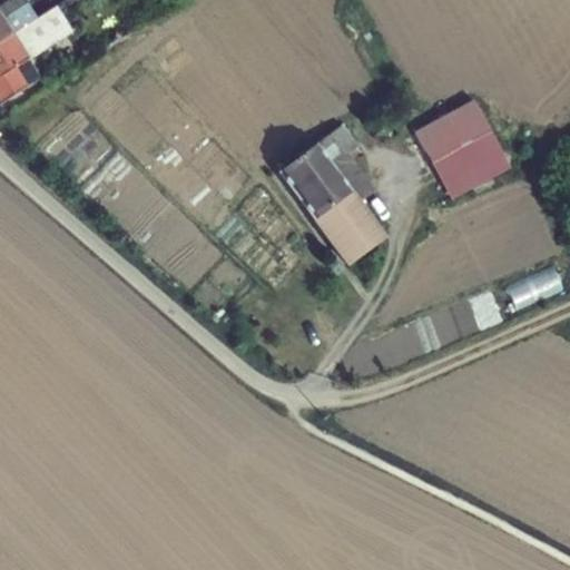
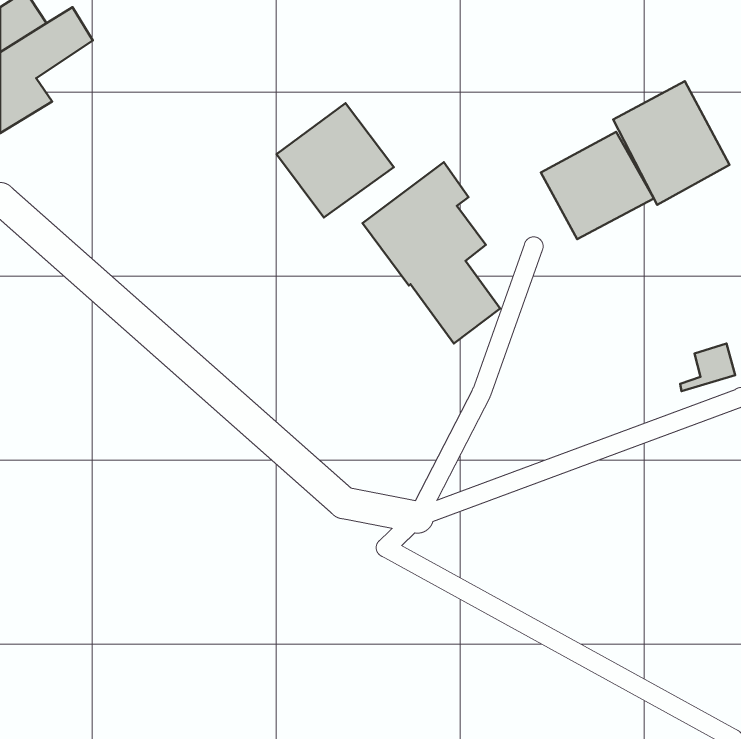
building: none -> [613,81,730,205]
building: none -> [277,103,394,217]

